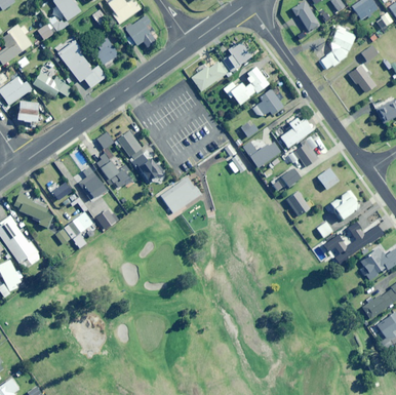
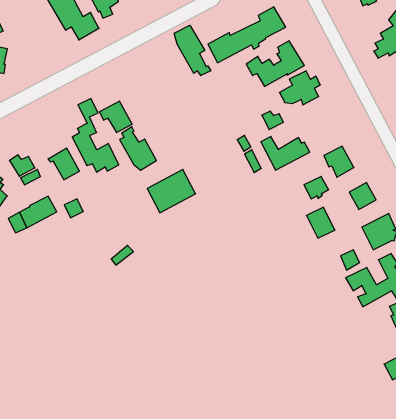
building: none -> [174,25,211,76]
building: [33,71,72,96] -> none
building: [280,118,309,147] -> none

